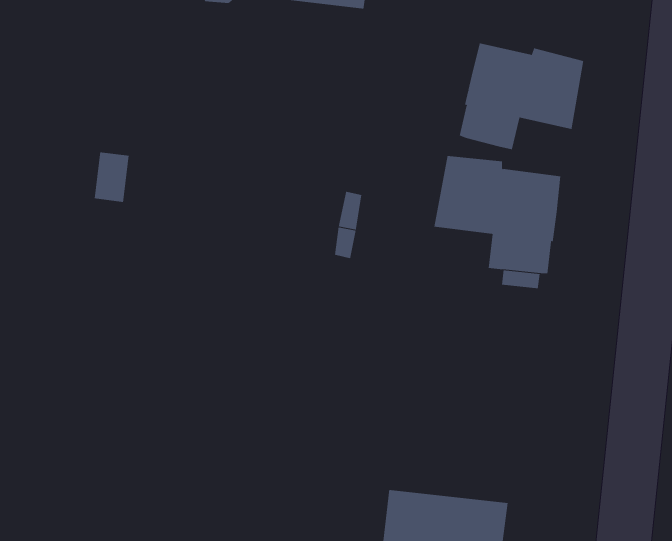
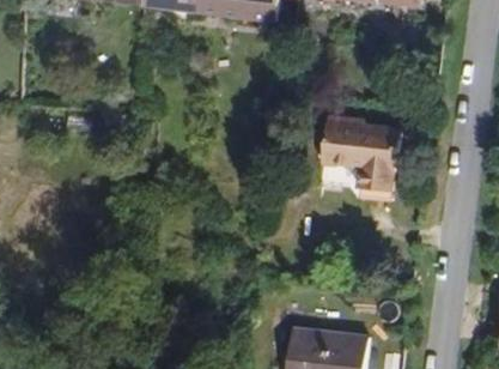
building: [459,42,584,150] -> none

